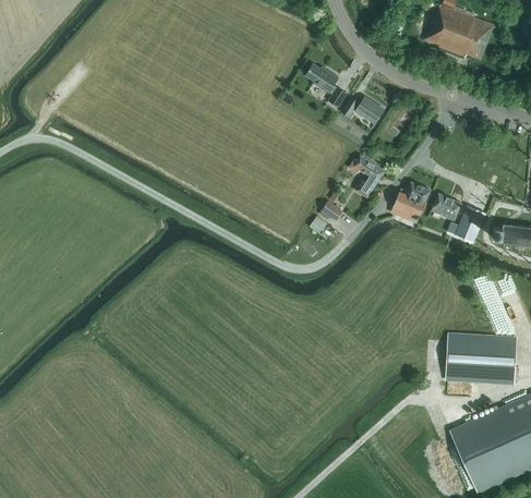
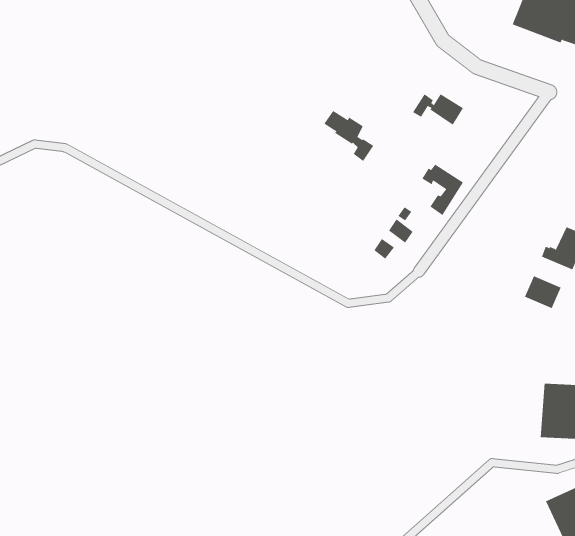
building: [305,64,347,107] -> [324,110,374,162]
building: [394,182,431,217] -> none
building: [431,193,461,220] -> [524,276,561,309]

